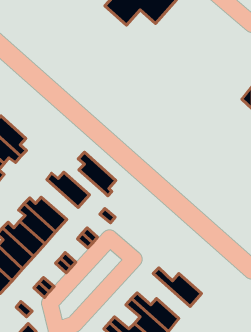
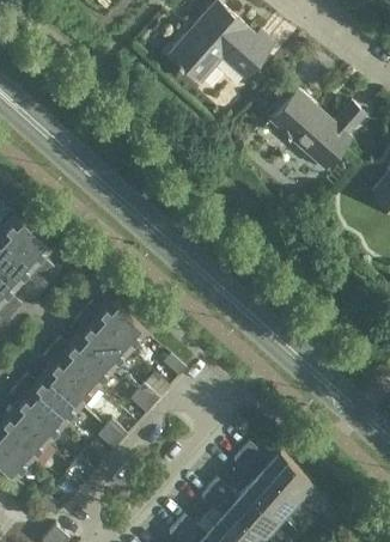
building: none -> [272,89,367,160]
building: [78,152,116,196] -> [74,311,130,376]
building: none -> [233,451,297,518]

